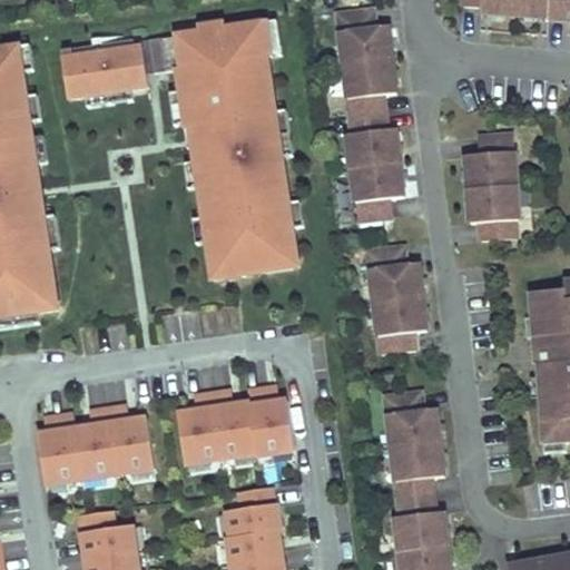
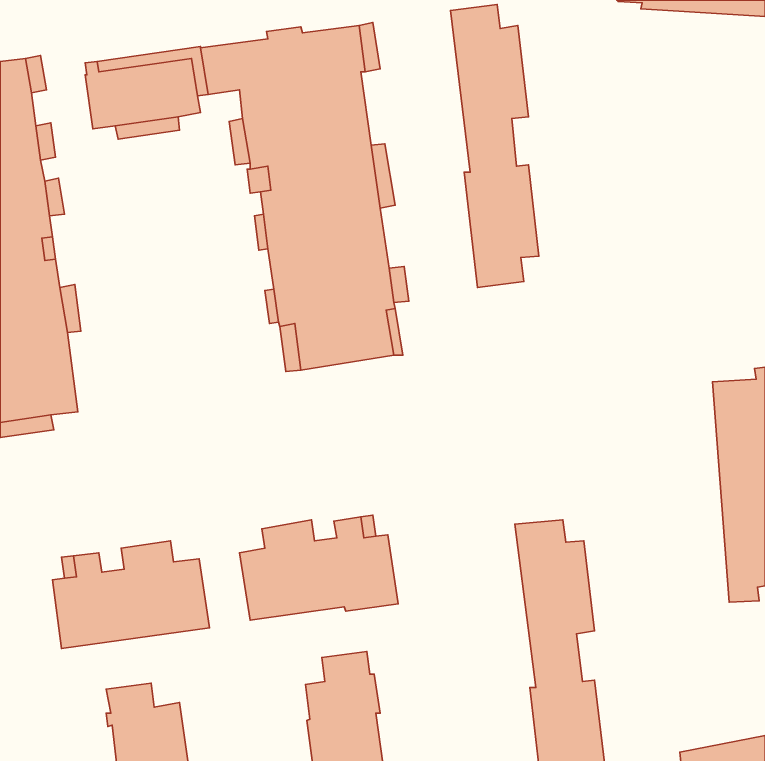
building: [463,130,517,237] -> none
building: [365,245,424,351] -> none

